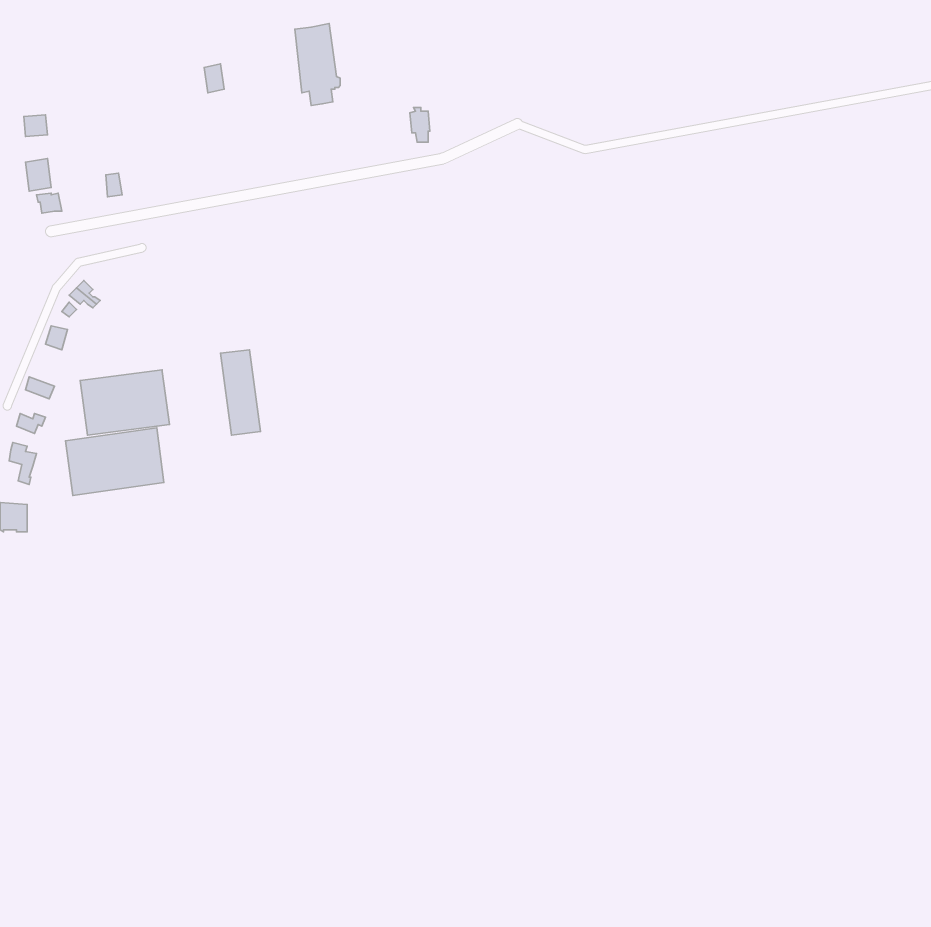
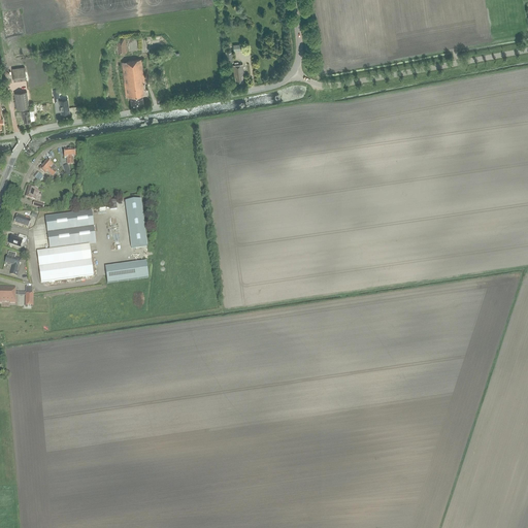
building: [295,24,340,106] -> [122,57,147,103]
building: none -> [105,261,147,283]

